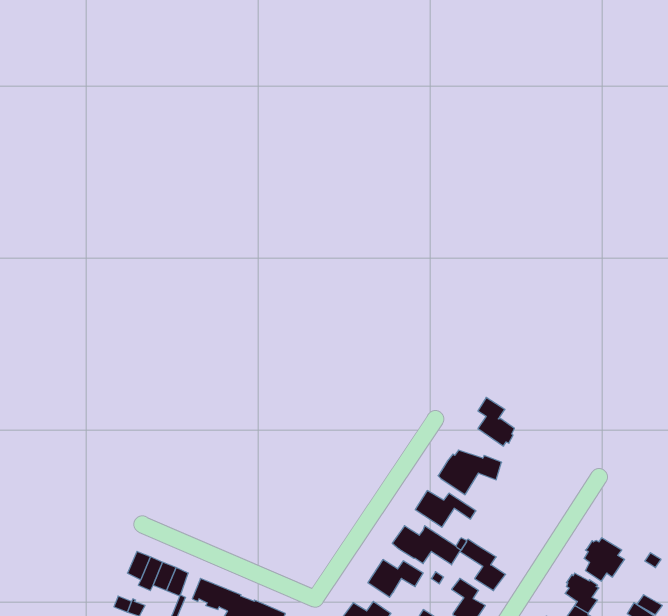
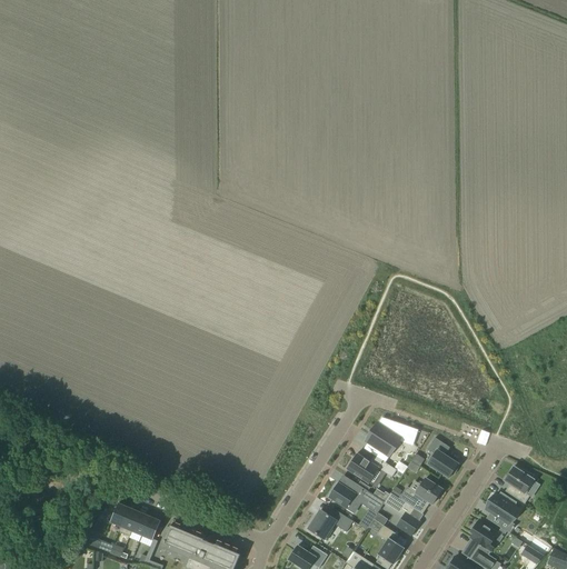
building: [478,397,514,446] -> [427,438,457,478]
building: none -> [504,466,534,503]
building: none -> [398,479,441,507]

